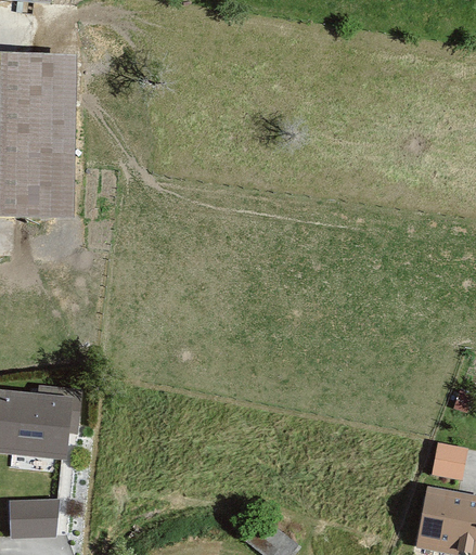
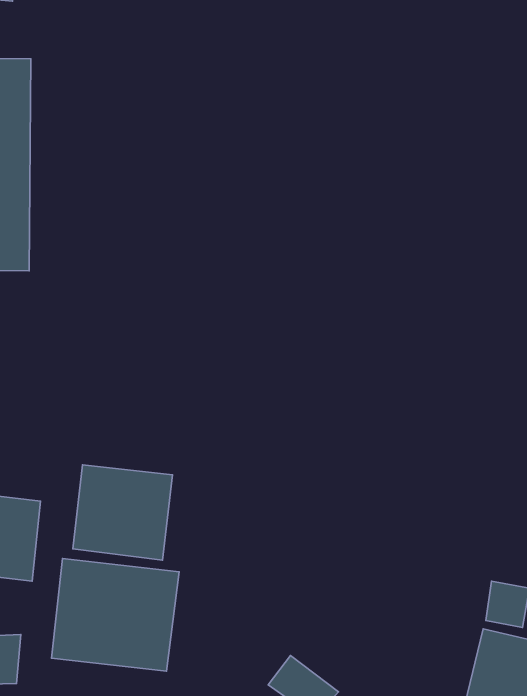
building: none -> [73,465,172,560]
building: none -> [51,558,179,671]

